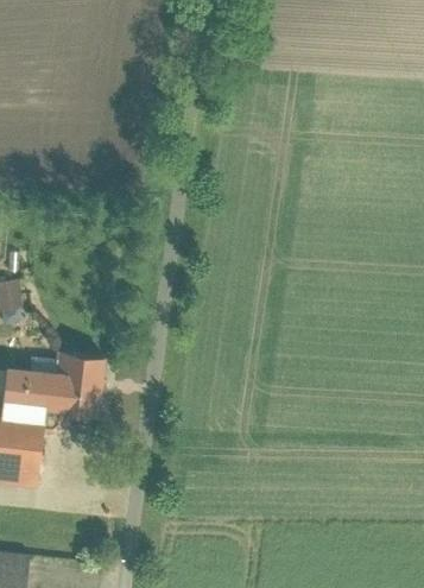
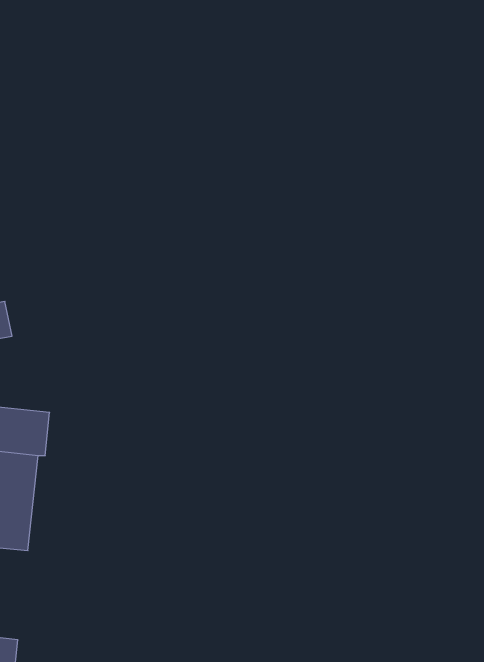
building: [52,353,97,412] -> none

